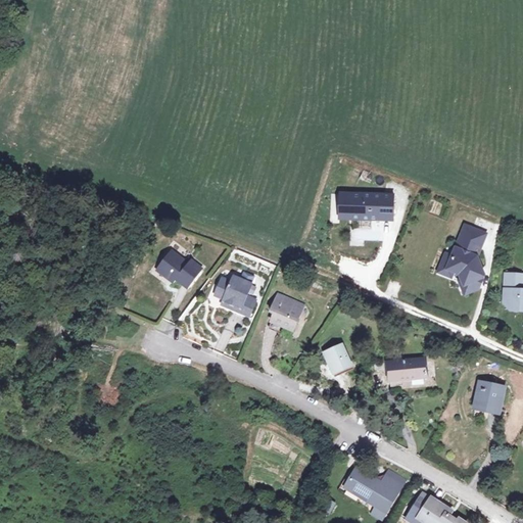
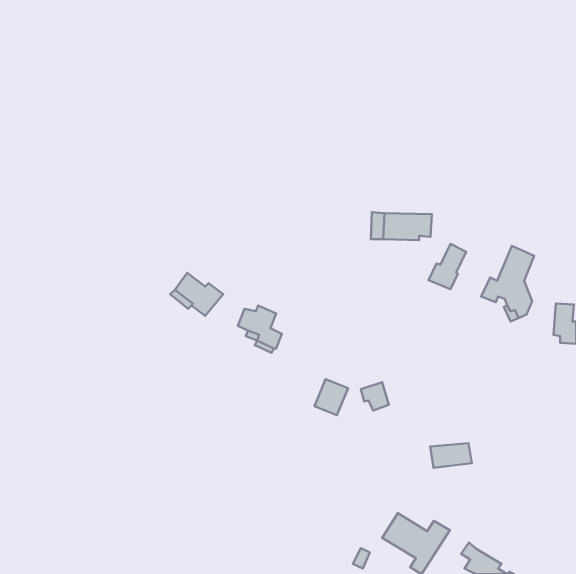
building: none -> [429,244,466,289]
building: [271,296,301,329] -> [314,379,348,415]
building: [391,363,429,385] -> [430,443,472,468]
building: [471,377,506,414] -> none

